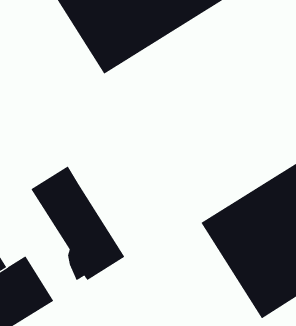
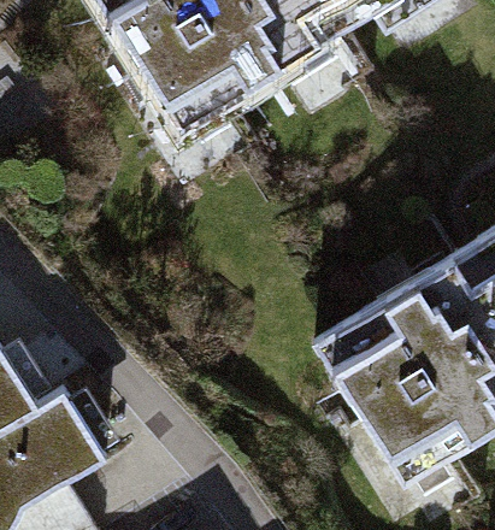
building: [30,166,125,281] -> none

